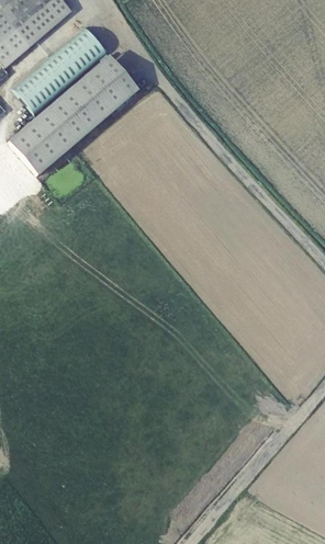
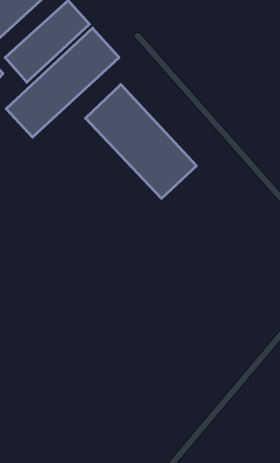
building: none -> [85,84,196,198]

